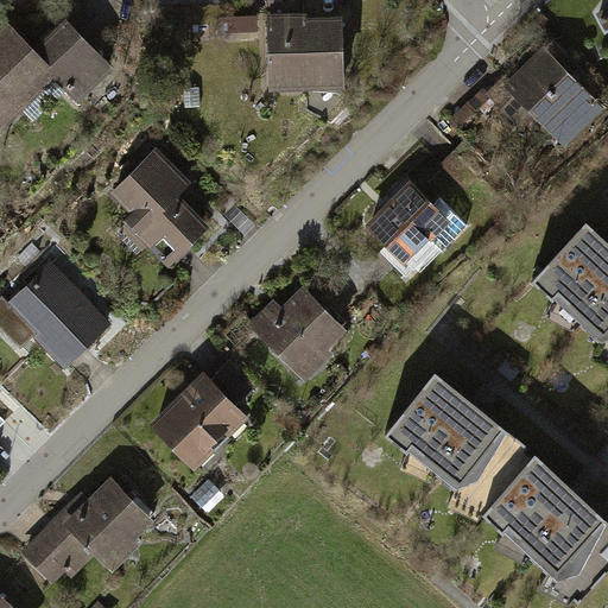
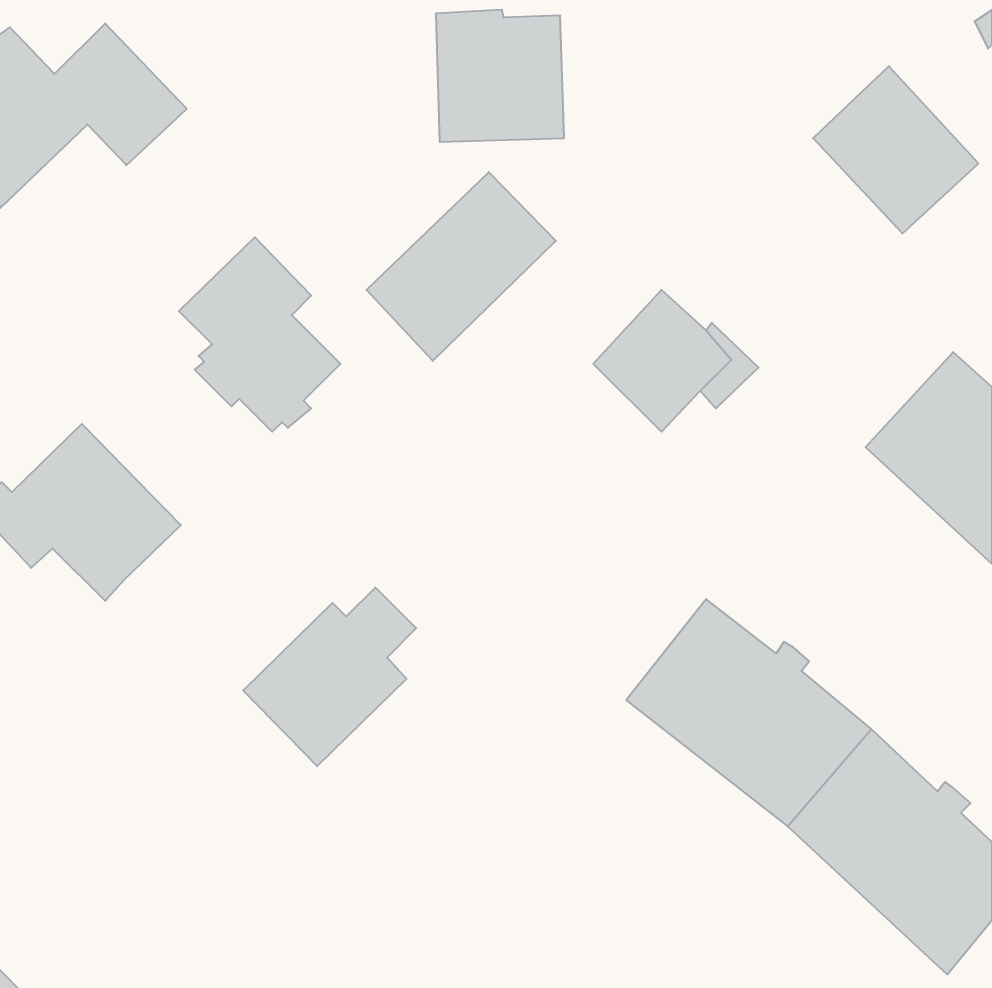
building: none -> [366,172,556,361]
building: [248,286,347,384] -> none
building: [19,477,153,587] -> none

